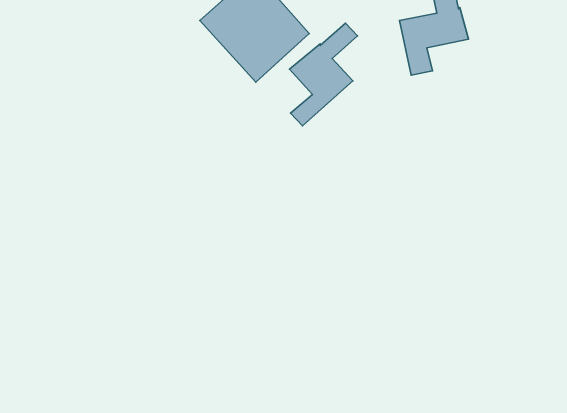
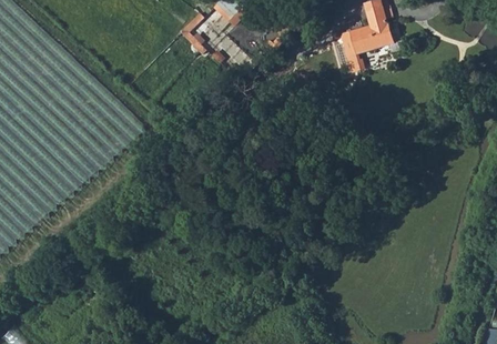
building: [290,23,357,126] -> none

